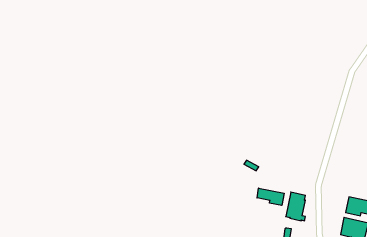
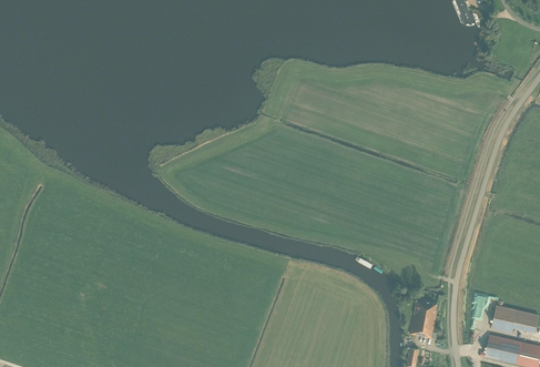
building: [257,188,284,205] -> none

